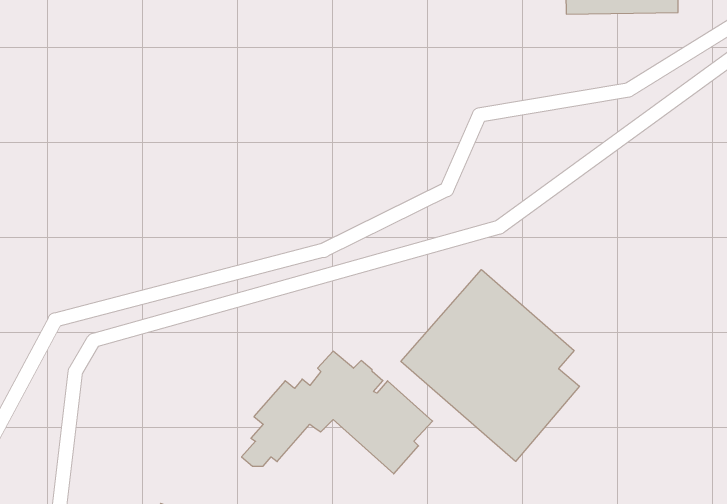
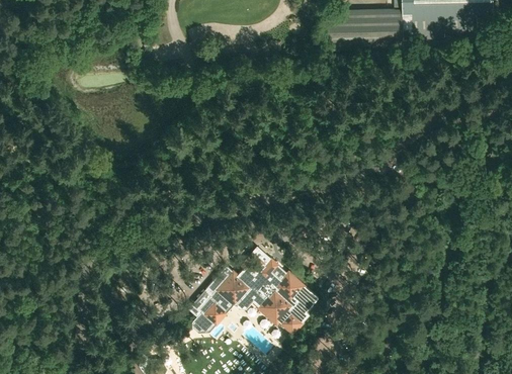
building: [401,270,579,461] -> none

